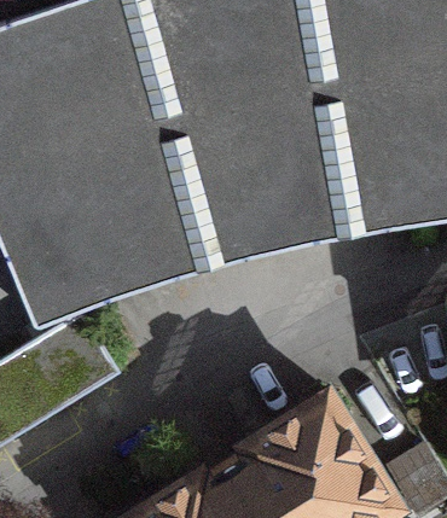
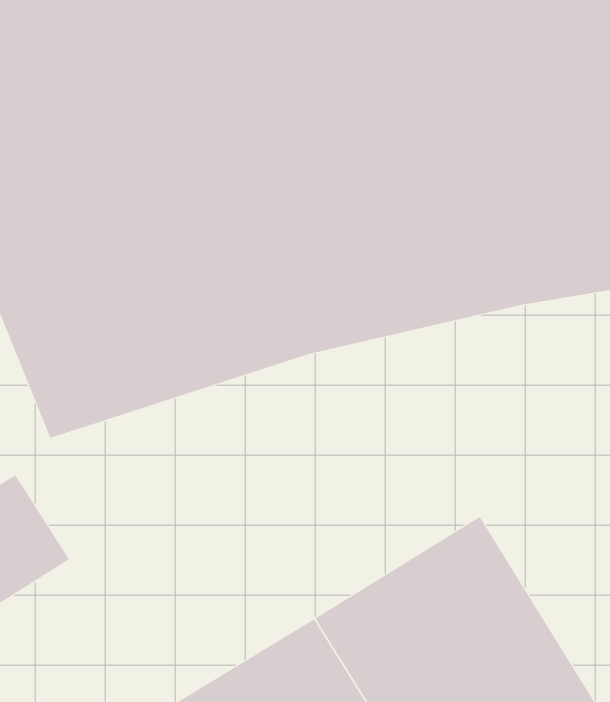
building: [13,307,116,407] -> none

